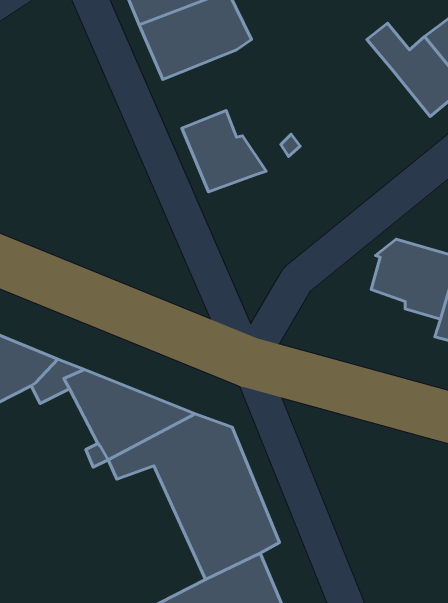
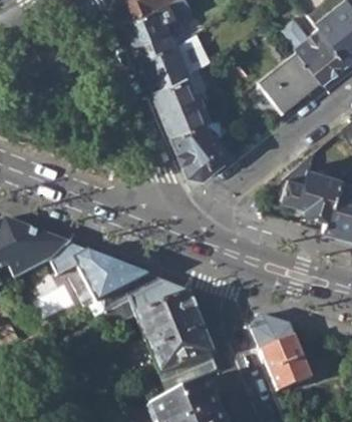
building: none -> [140,35,204,88]
building: none -> [257,48,322,111]
building: none -> [171,119,231,174]
building: none -> [251,316,311,392]

